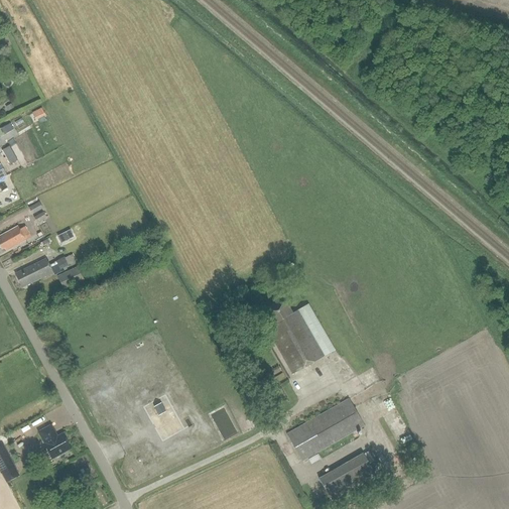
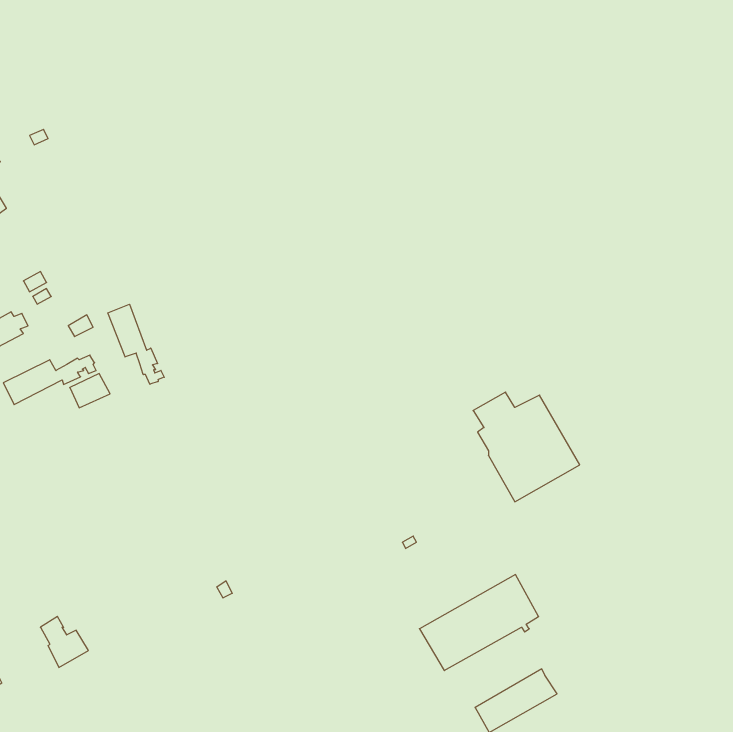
building: none -> [108,304,164,384]
building: [264,301,334,373] -> [473,392,580,502]

